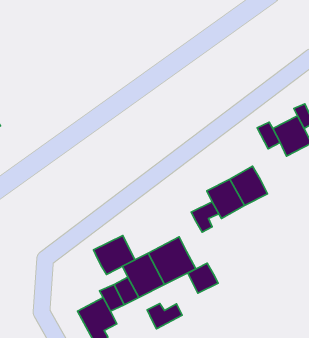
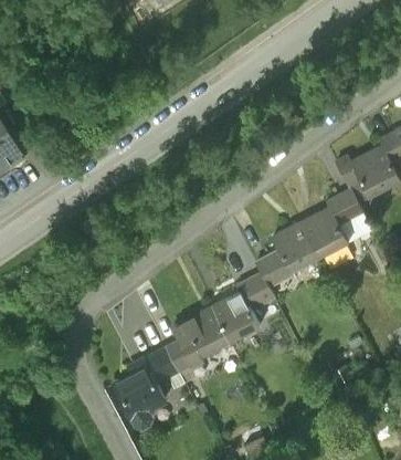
building: none -> [326,190,360,223]
building: [93,235,135,275] -> none
building: [188,263,218,293] -> [238,274,274,311]
building: [147,303,182,329] -> none

